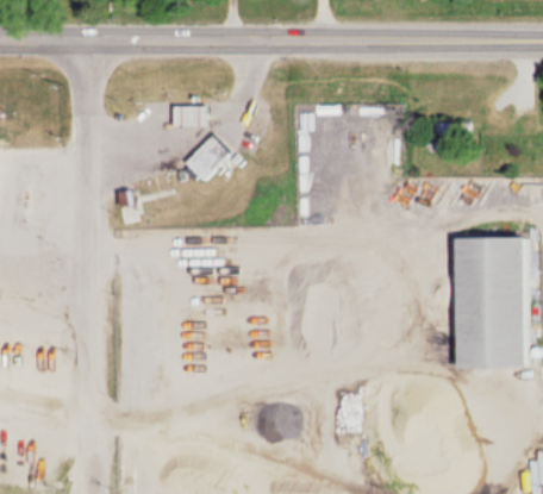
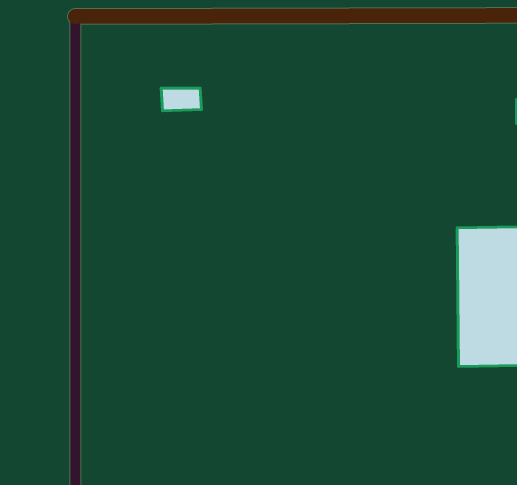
building: [186,135,231,180] -> none

